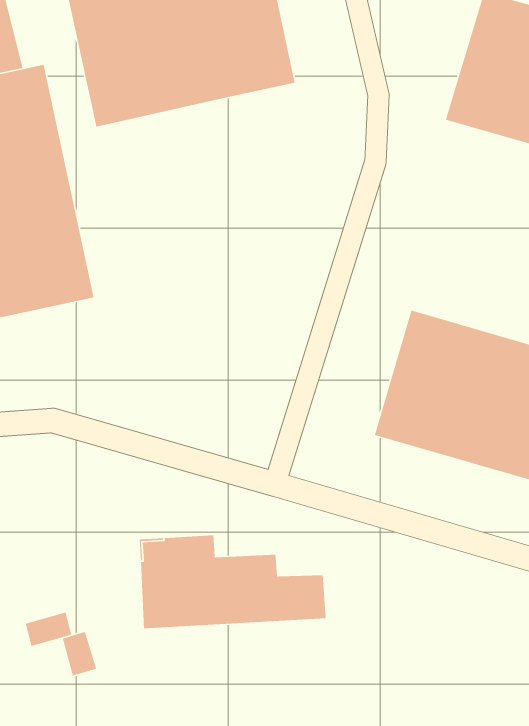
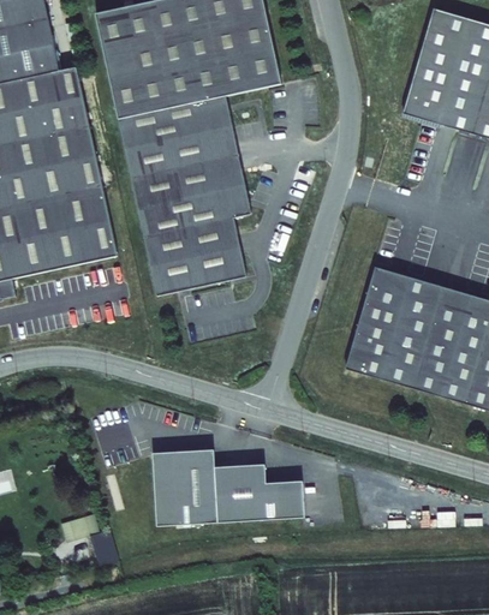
building: none -> [118,94,250,294]

